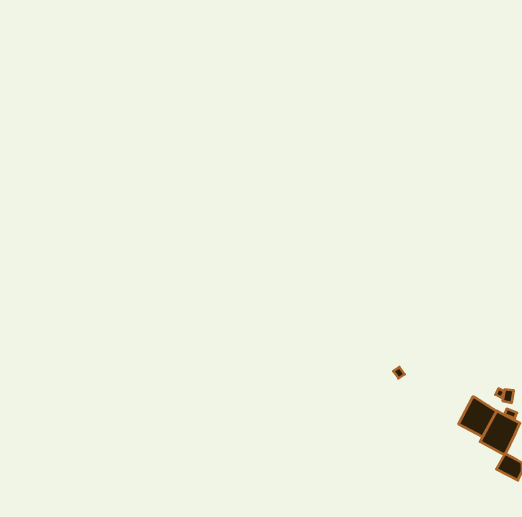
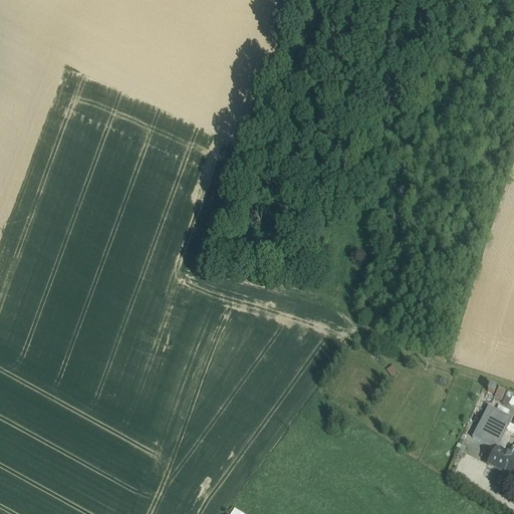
building: [459,397,496,437] -> none

